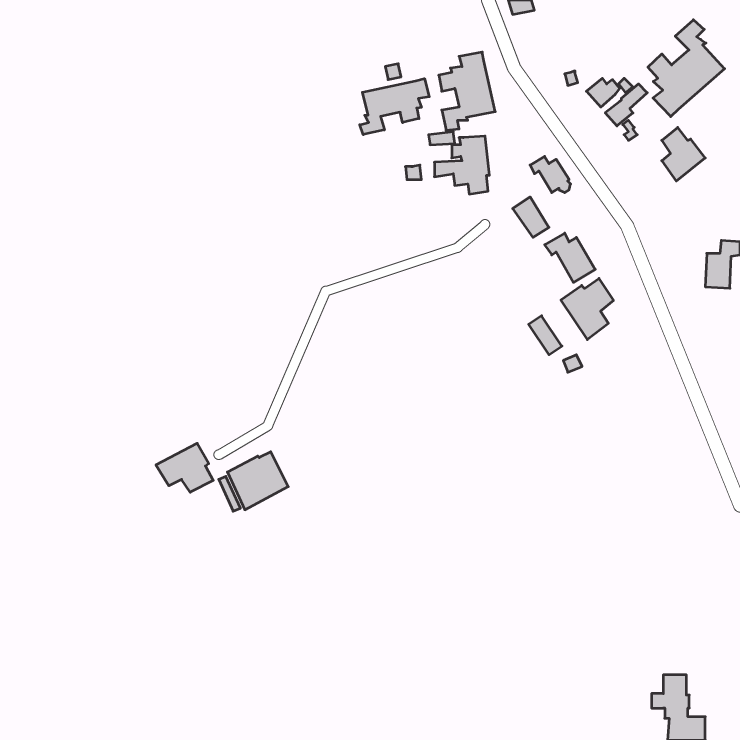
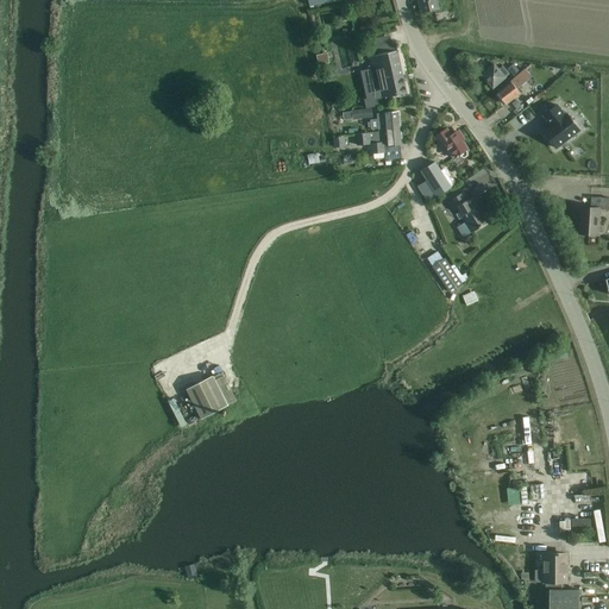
building: [648,20,725,117] -> none
building: [360,79,429,135] -> none
building: [561,278,613,340] -> none
building: [156,443,213,492] -> none

